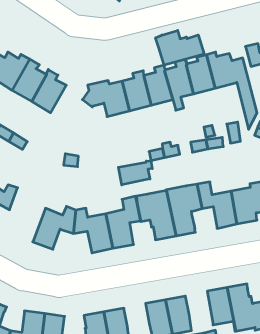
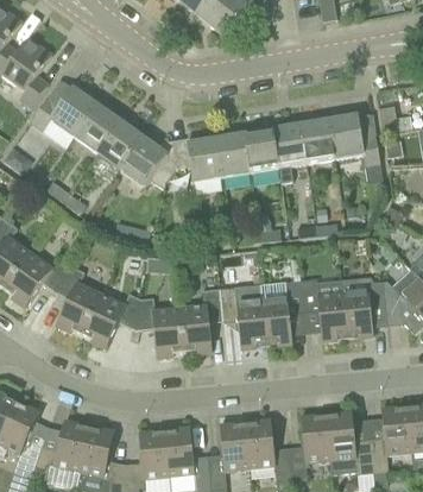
building: [156,30,204,65] -> none
building: none -> [119,137,173,187]
building: [118,160,152,185] -> none
building: none -> [55,263,101,334]

